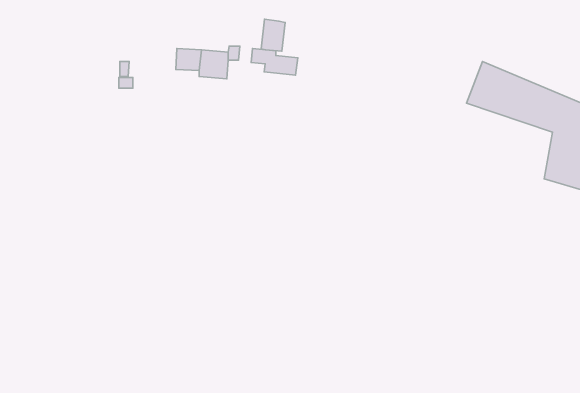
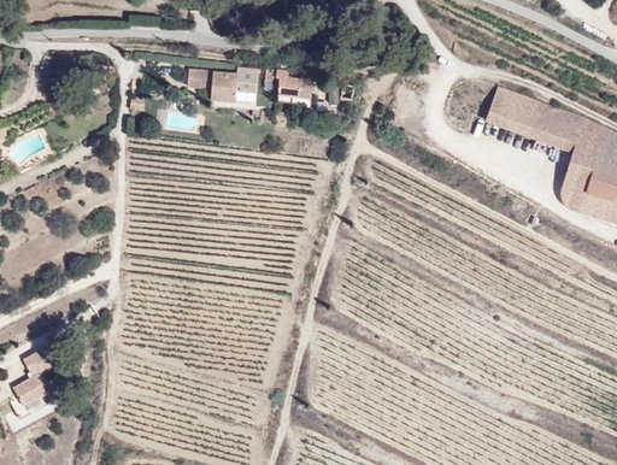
building: [261,19,285,51] -> none
building: none -> [11,346,58,407]

